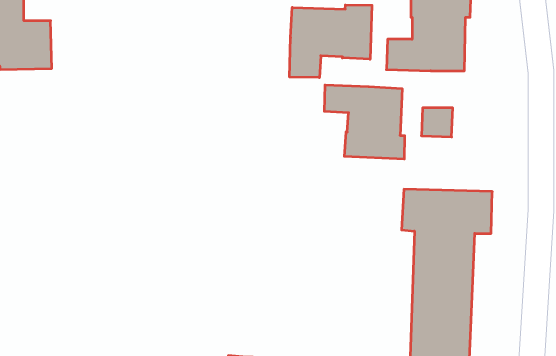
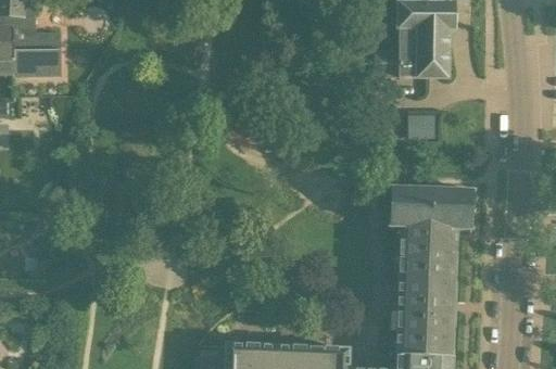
building: [290,5,372,78] -> none
building: [324,85,405,159] -> none

